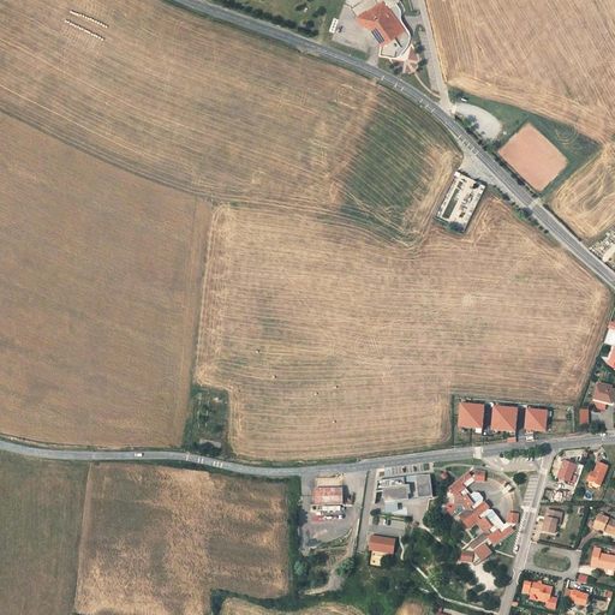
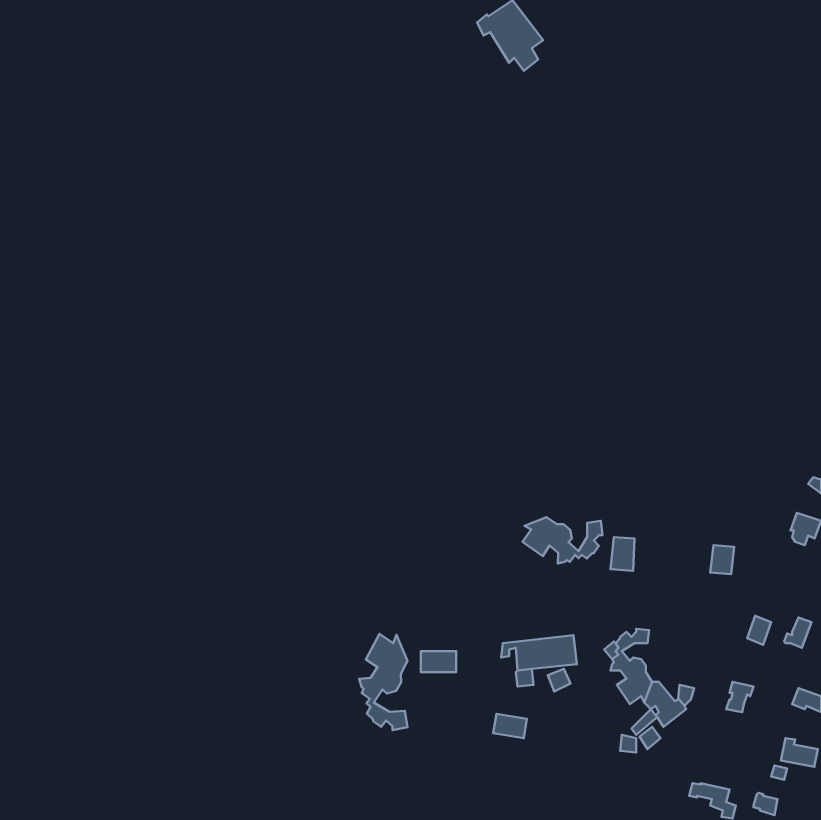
building: none -> [523,517,602,564]
building: [490,404,515,429] -> none
building: none -> [359,634,408,730]

